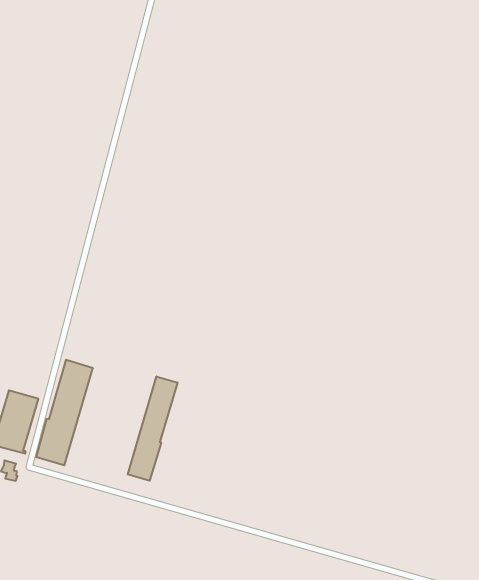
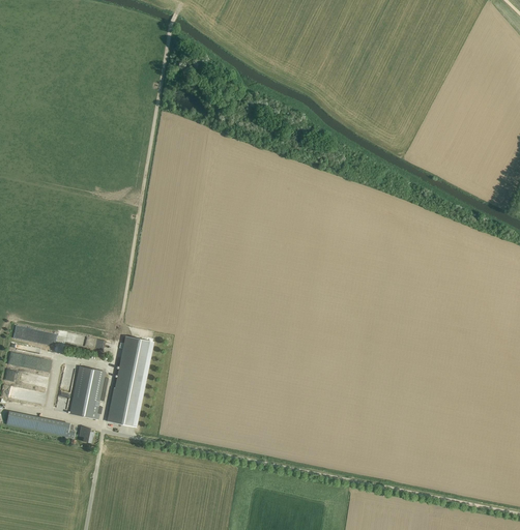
building: [128,376,178,481] -> none

